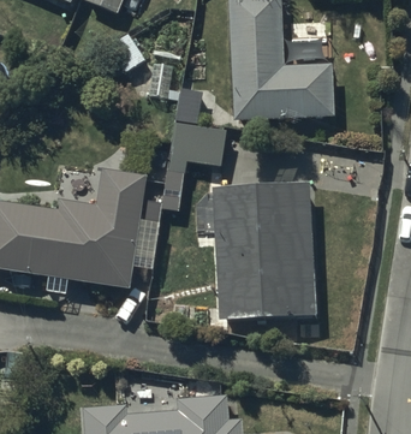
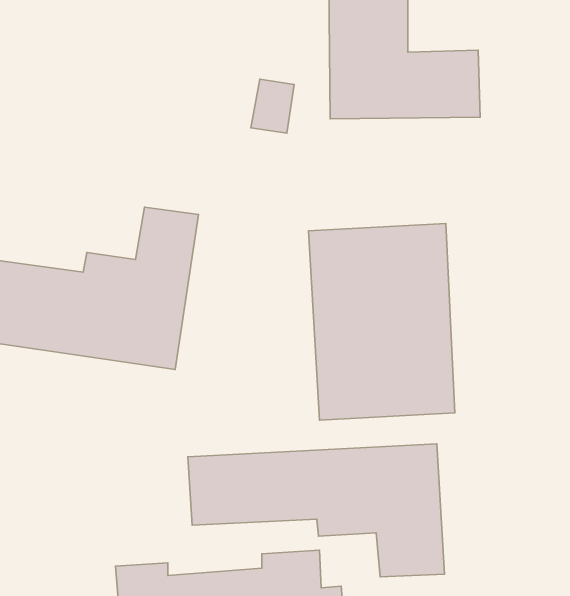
building: [162,121,226,210] -> none
building: none -> [188,444,445,577]

